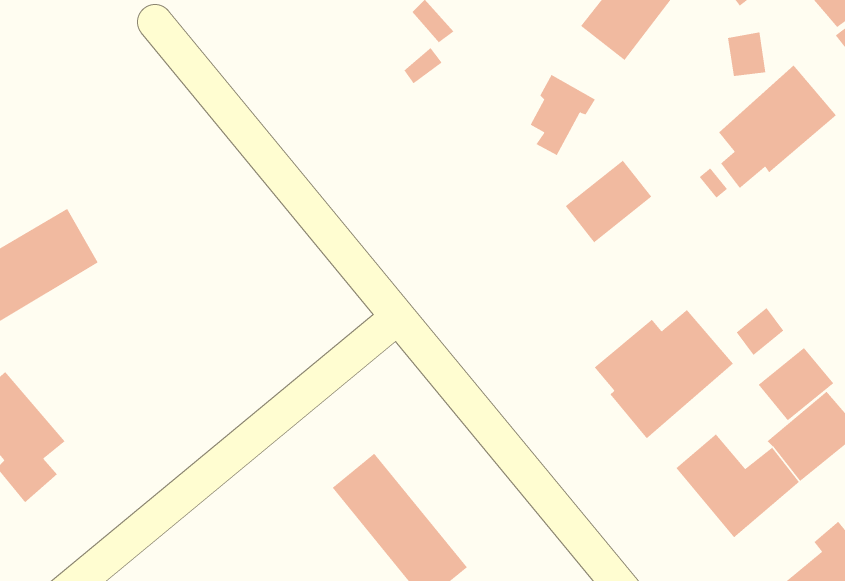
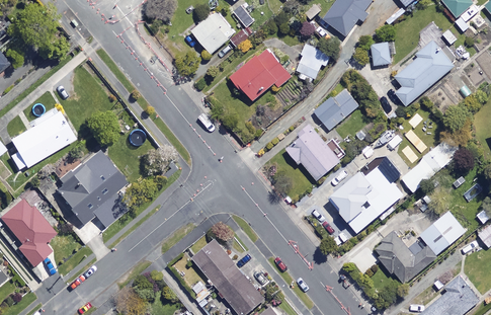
building: none -> [191,10,236,54]
building: [727,32,766,77] -> [371,43,391,66]
building: none -> [230,47,291,102]
building: none -> [285,128,345,179]
building: none -> [55,150,122,226]
building: [758,347,834,421] -> none

